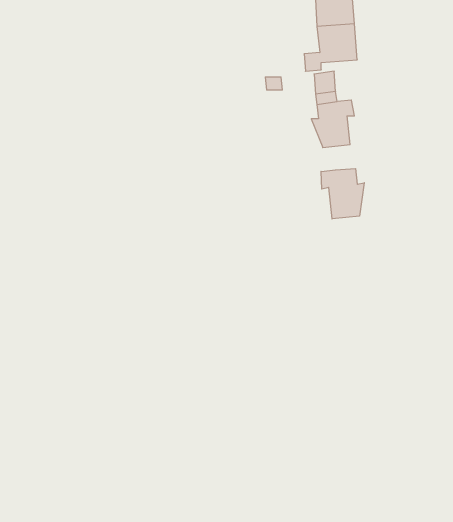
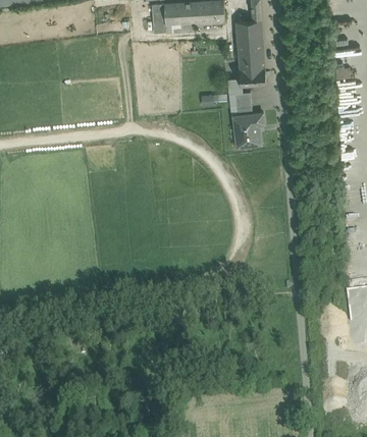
building: [321,169,364,219] -> none

